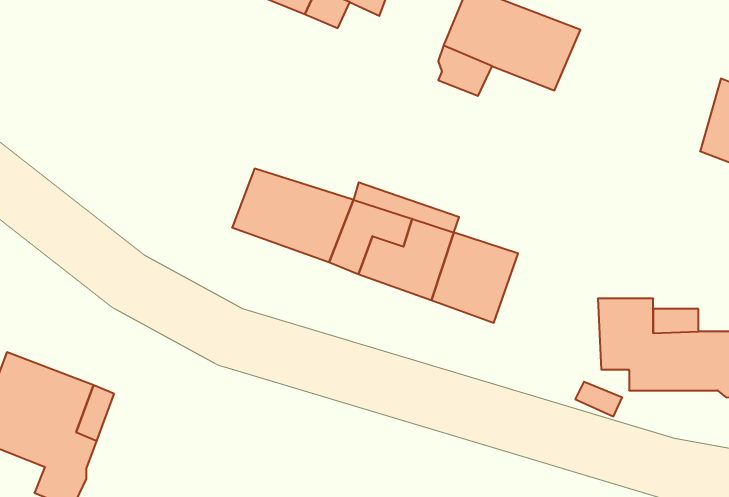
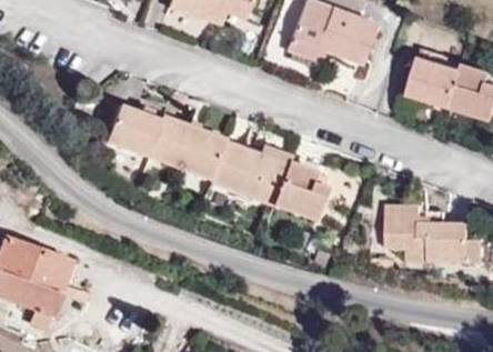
building: none -> [406,44,463,108]
building: none -> [102,101,164,157]

